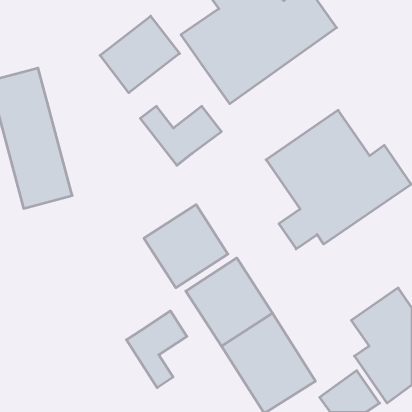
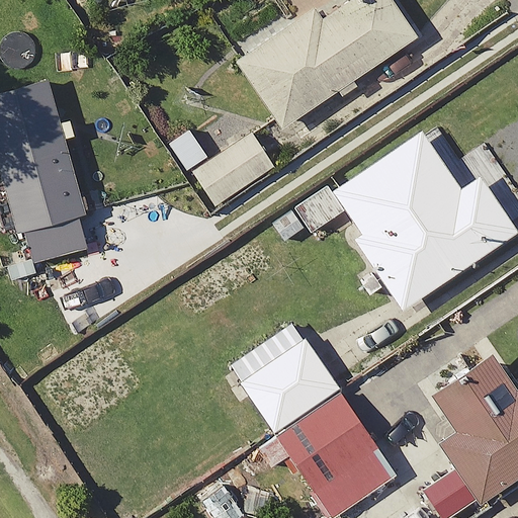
building: [100,16,180,93] -> none
building: [144,205,228,288] -> none
building: [126,311,187,388] -> none

